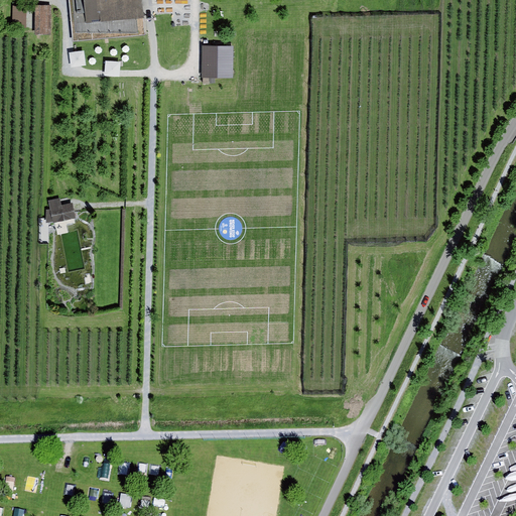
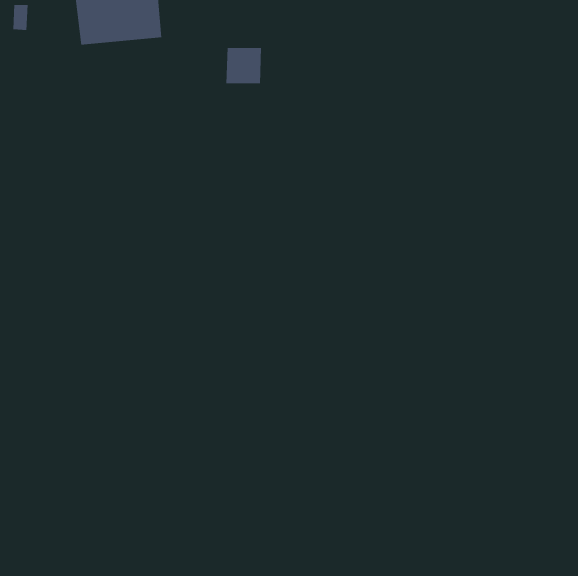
building: [34,4,50,32] -> none
building: [47,197,76,222] -> none

